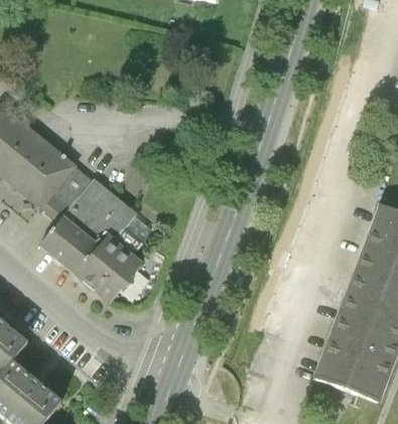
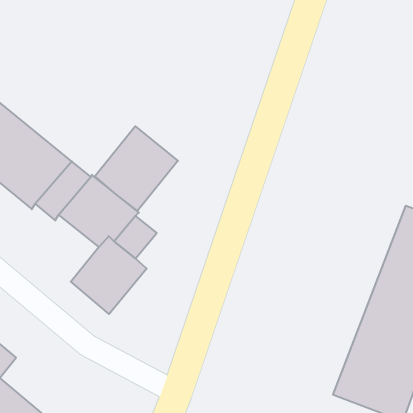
building: none -> [95,126,178,211]
building: [41,214,103,274] -> none

